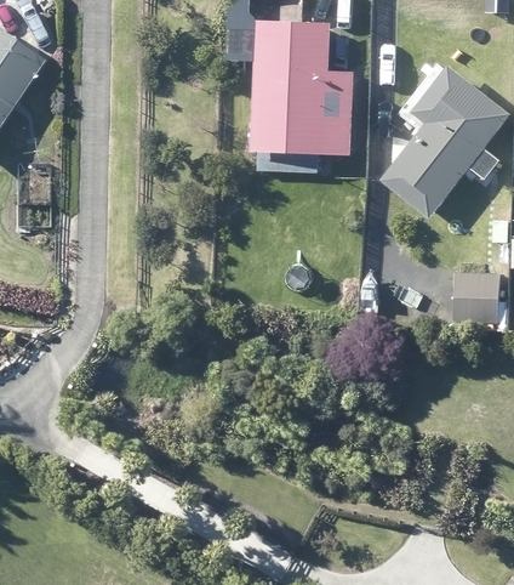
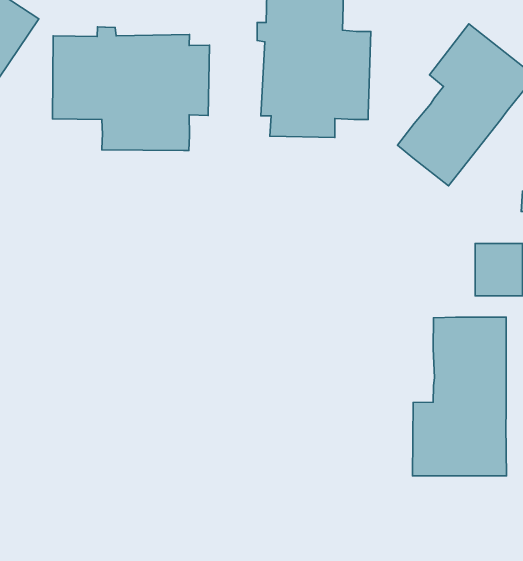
building: none -> [52,27,209,151]
building: none -> [413,317,506,476]

